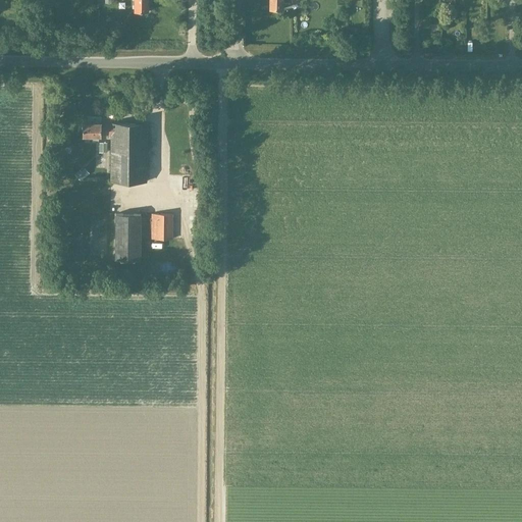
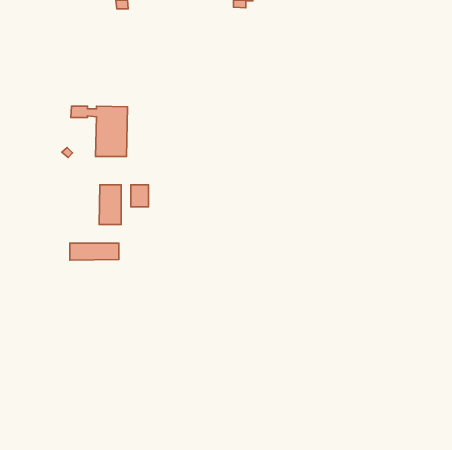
building: none -> [70,243,119,260]

